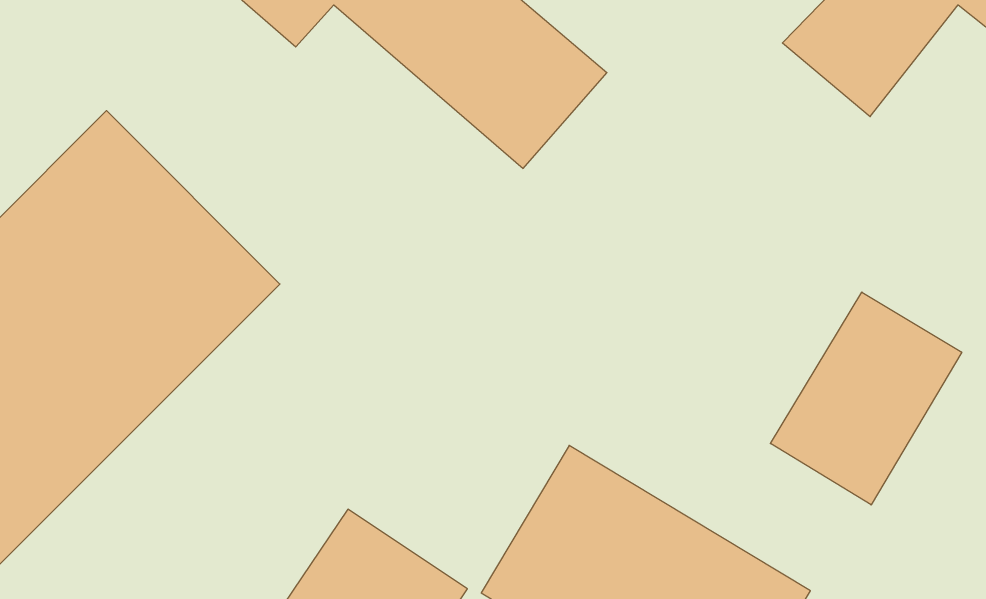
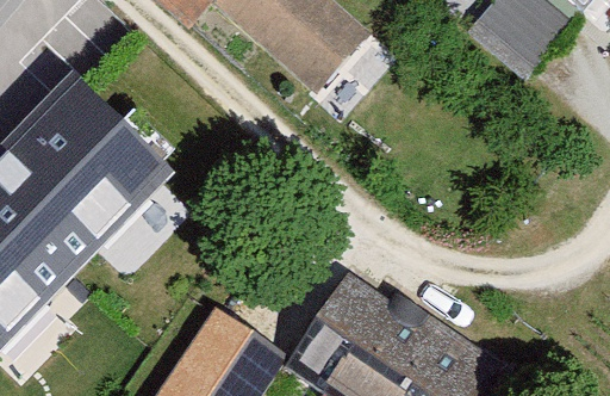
building: [770,292,962,505] -> none

